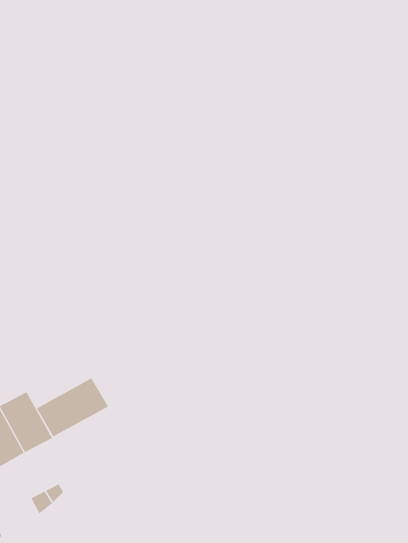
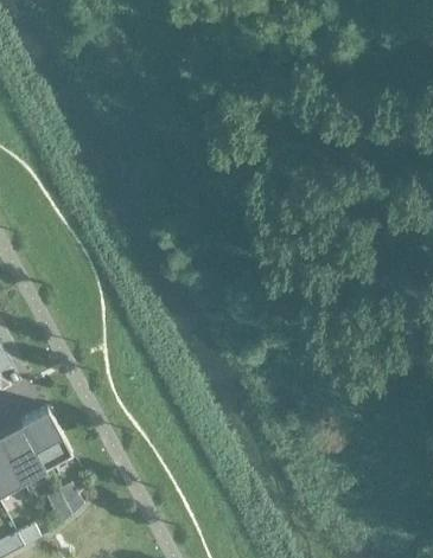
building: [36,378,109,437] -> none

